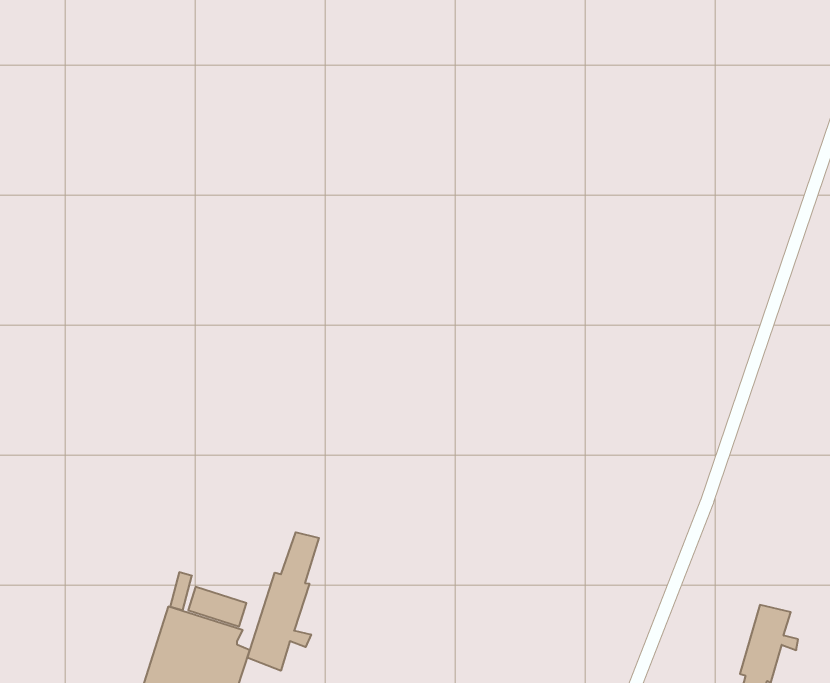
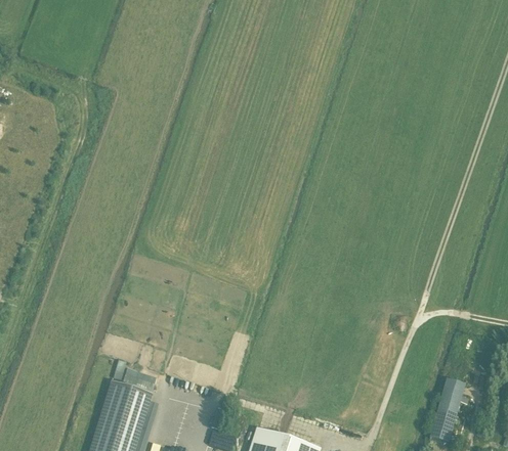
building: [247,532,319,671] -> none

